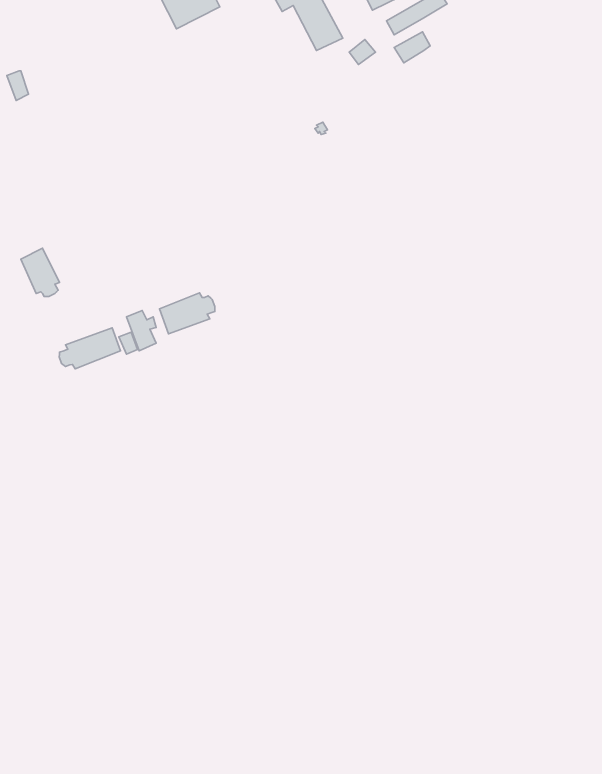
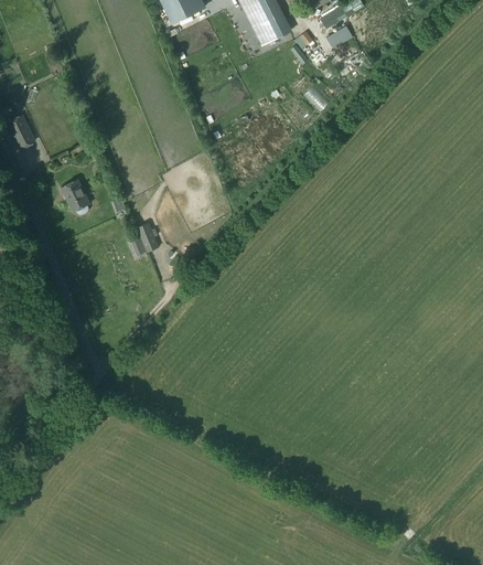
building: [160,293,215,334] -> none
building: [59,328,121,369] -> none

